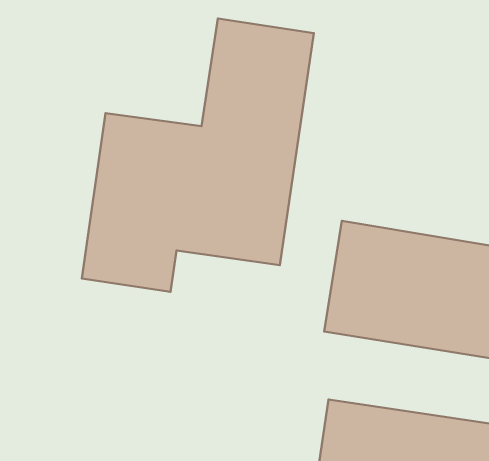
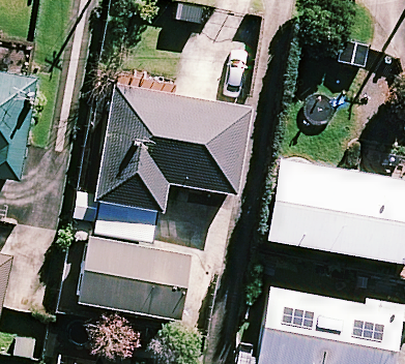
building: none -> [82,239,189,318]

